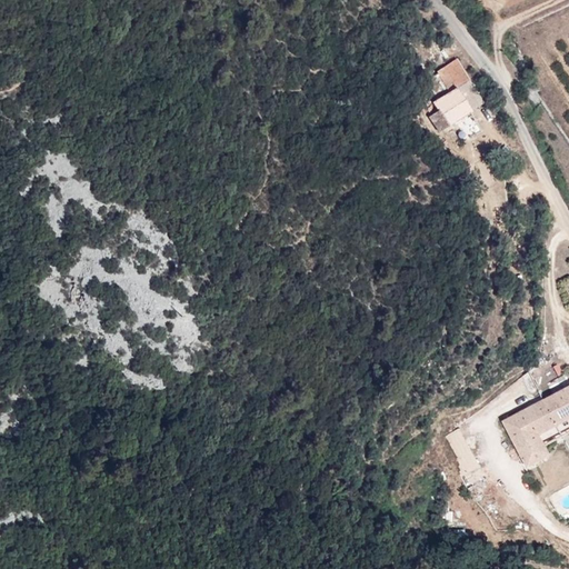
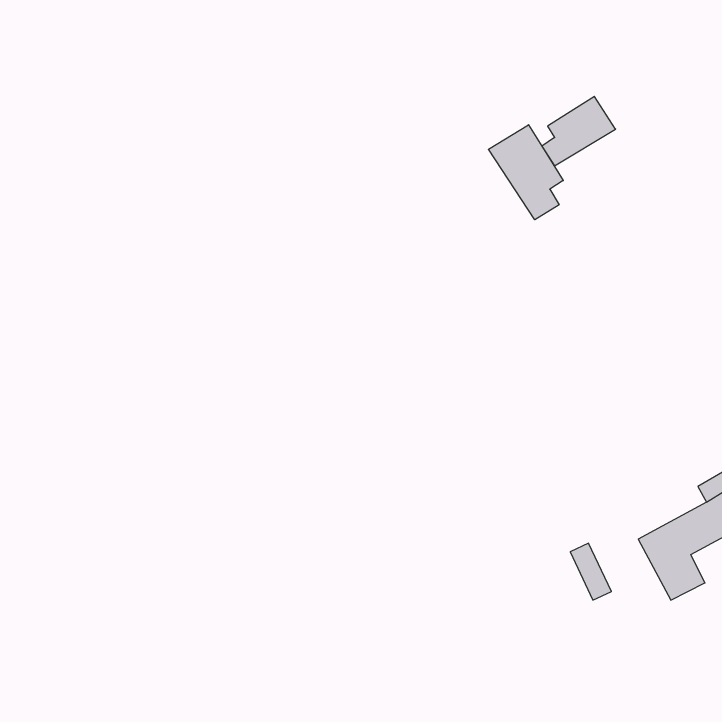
building: [435,58,468,89] -> none
building: none -> [488,125,563,220]

